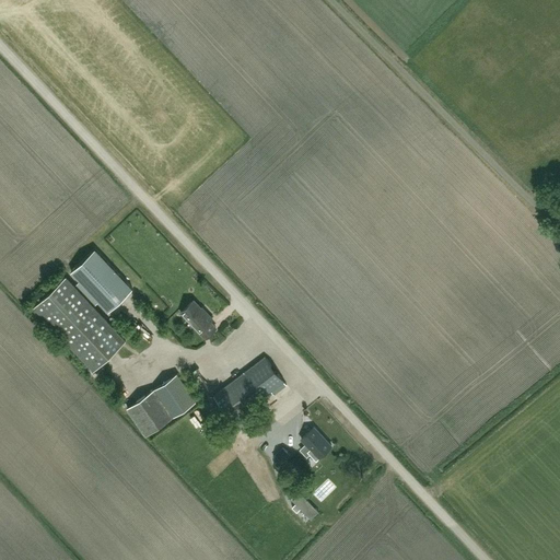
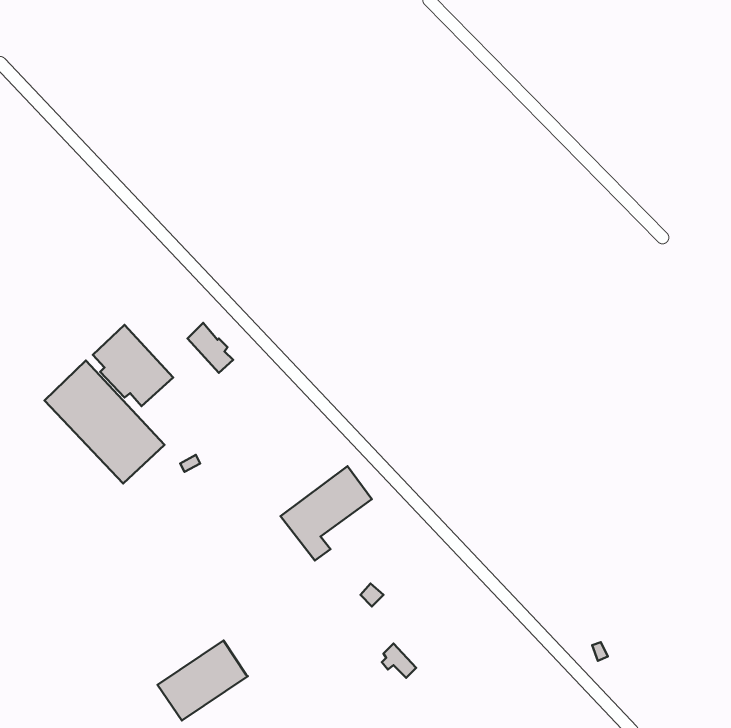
building: [182,302,217,340] -> [187,323,233,373]
building: [127,375,196,436] -> [158,641,248,721]
building: [301,429,331,459] -> none

